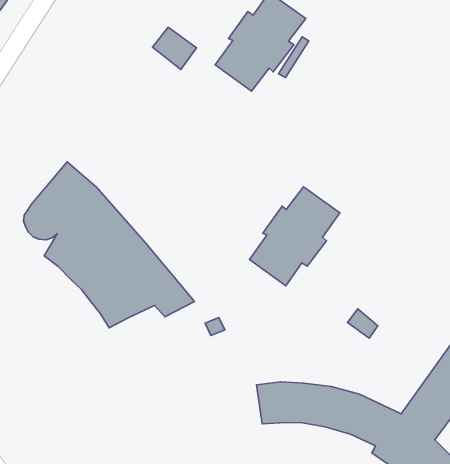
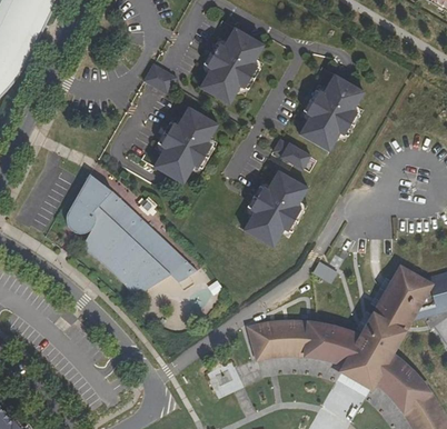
building: none -> [294,74,358,152]
building: none -> [147,108,212,186]
building: none -> [272,140,309,170]

